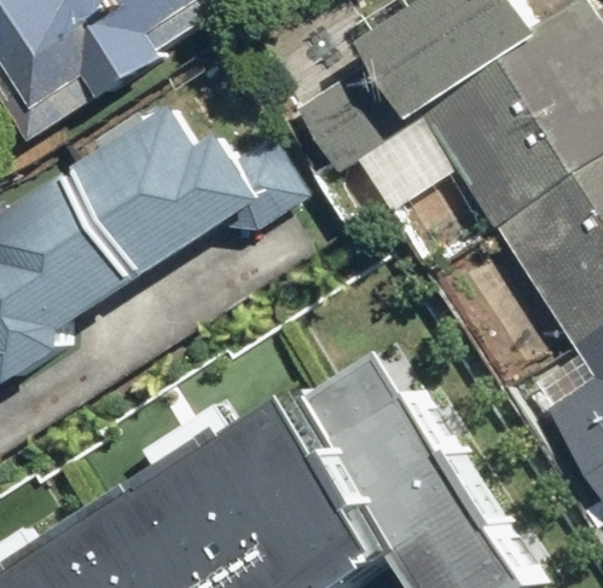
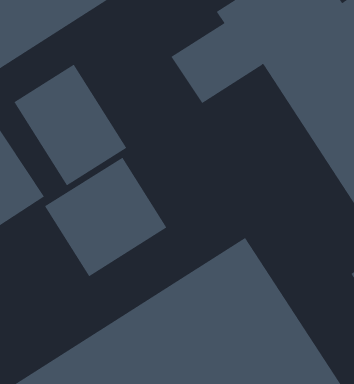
building: none -> [44,157,167,277]

